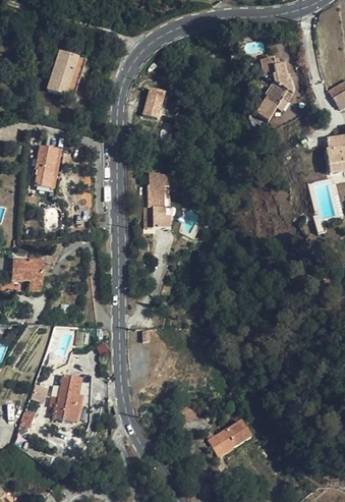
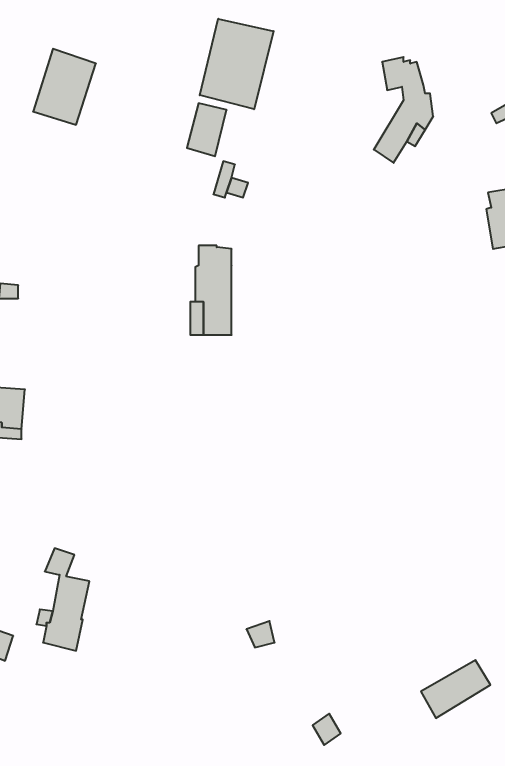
building: none -> [200,19,274,109]
building: [34,146,64,188] -> none
building: [209,420,251,455] -> [421,660,490,718]

